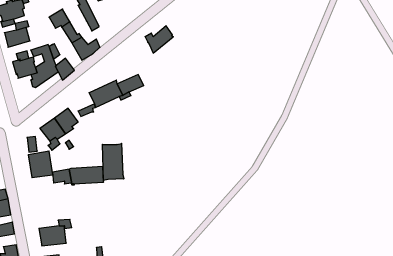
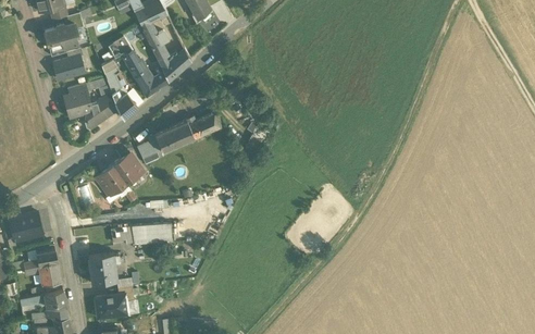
building: [145,26,173,53] -> [158,48,191,81]
building: [102,143,124,180] -> none
building: [28,151,53,178] -> [88,252,117,284]

